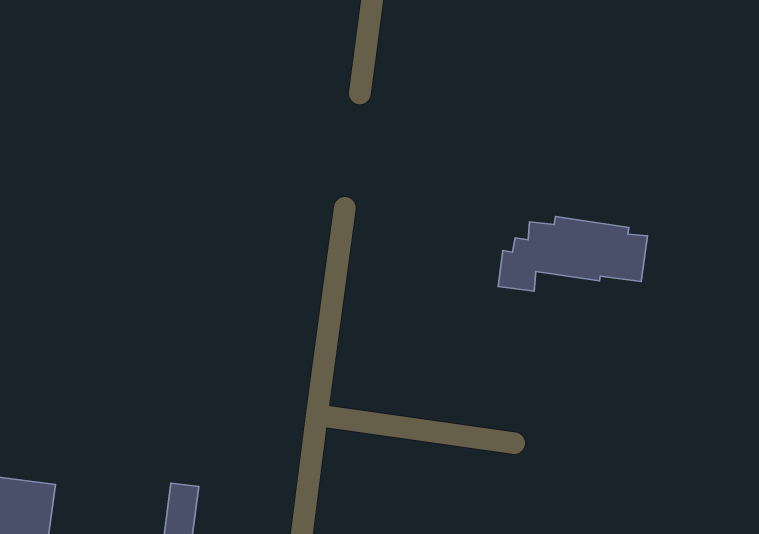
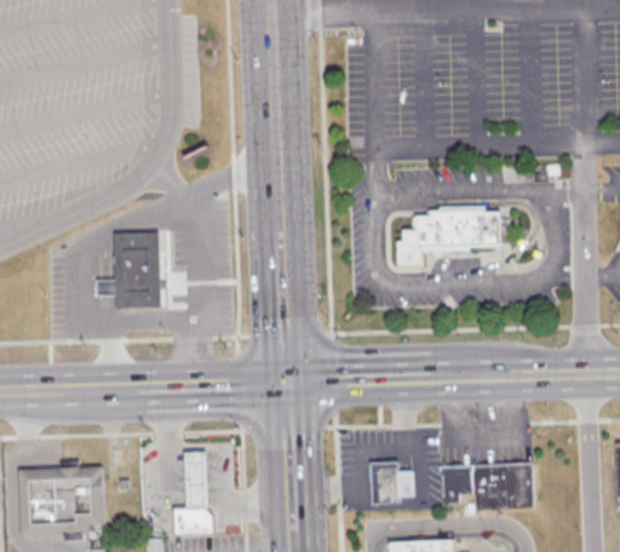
building: none -> [97,232,161,310]

